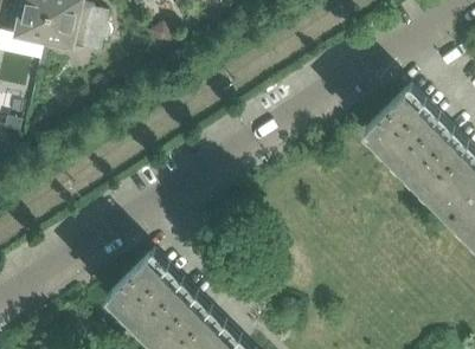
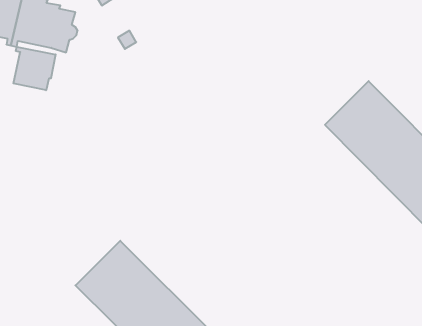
building: none -> [13,47,56,90]

